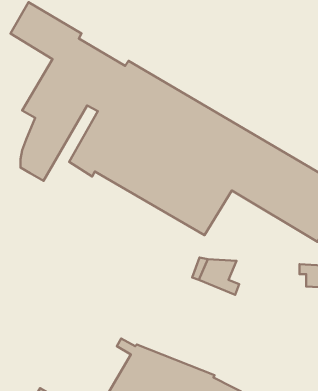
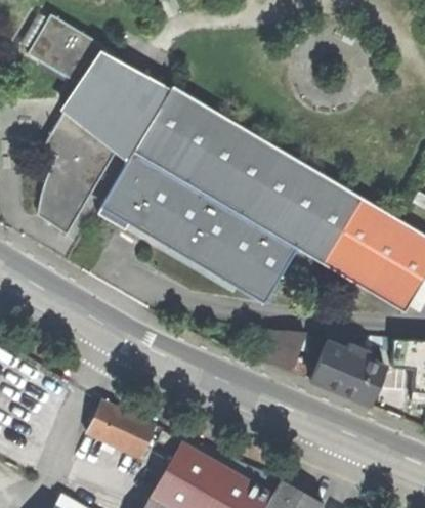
building: none -> [311,343,392,409]
building: none -> [85,400,152,457]

